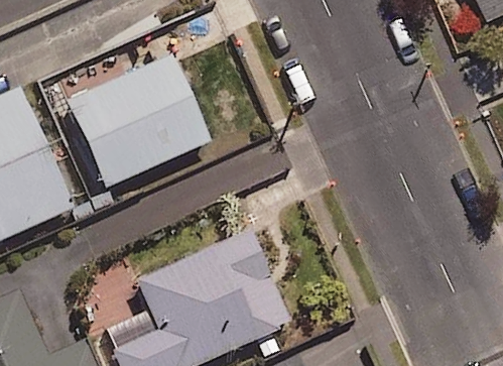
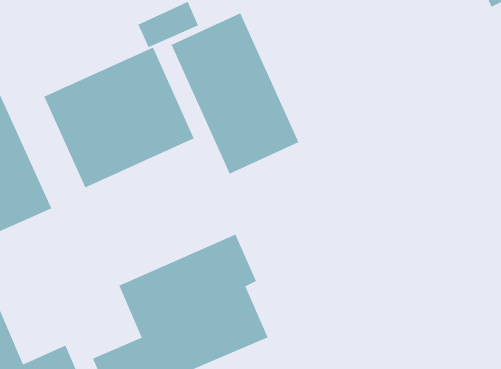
building: none -> [171,13,299,174]

